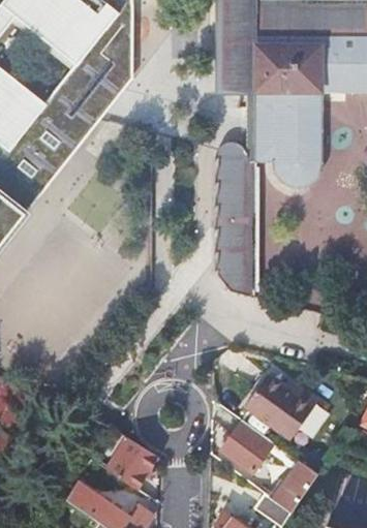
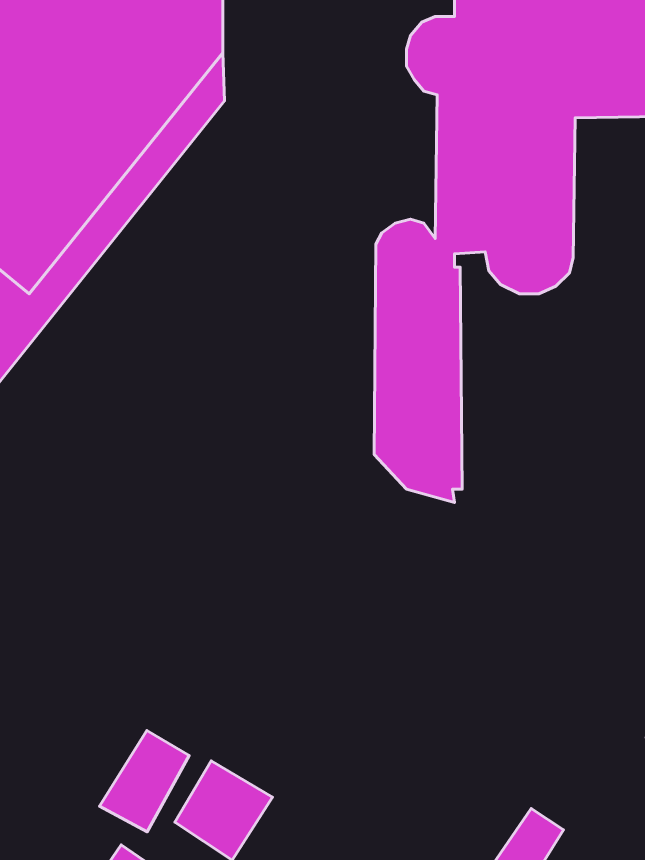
building: [244,375,317,440] -> none
building: [221,421,292,473] -> none
building: none -> [100,730,189,832]

